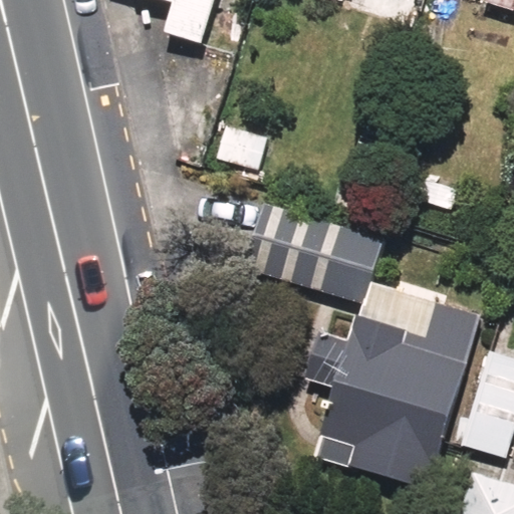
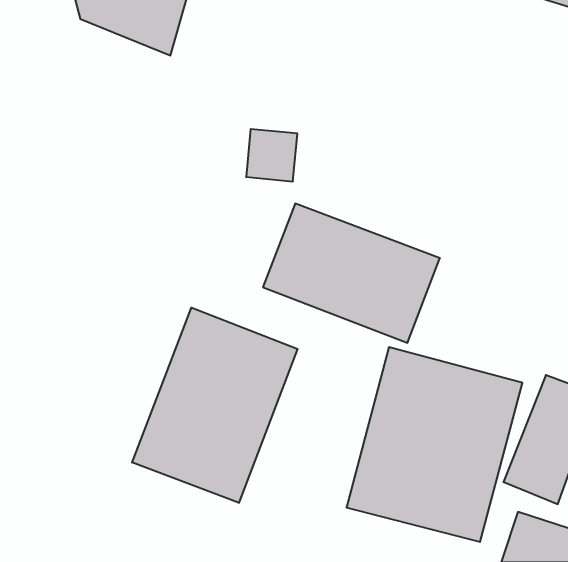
building: none -> [132,308,298,503]

